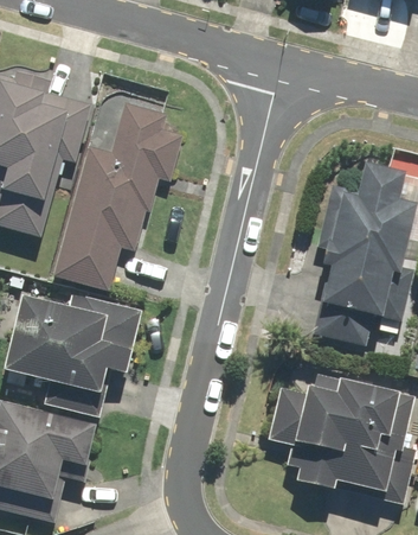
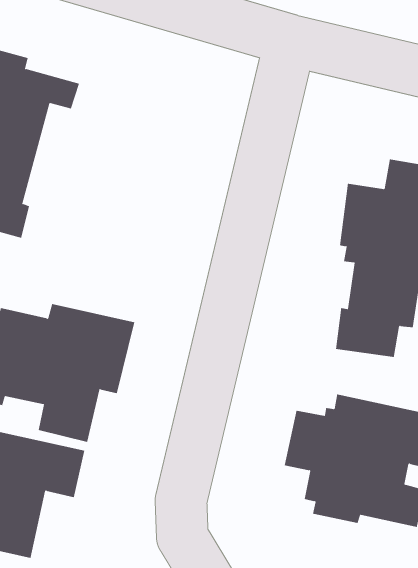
building: [54,97,184,289] -> none

